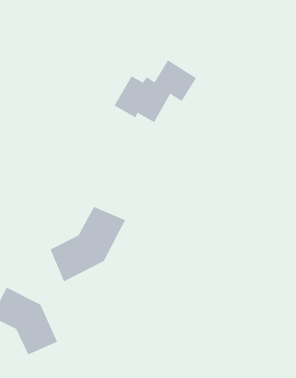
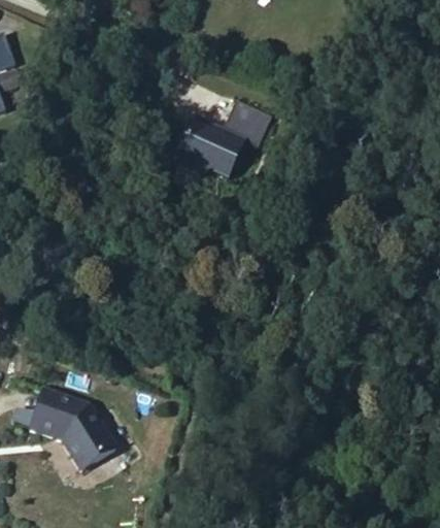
building: [50,206,126,282] -> none

